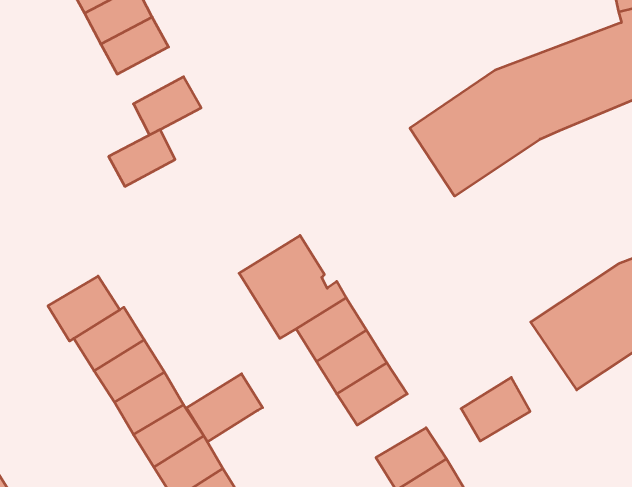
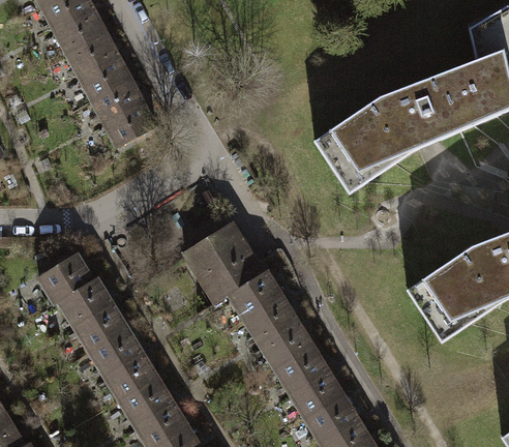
building: [109,130,175,186] -> [92,80,143,123]
building: [187,374,263,442] -> none
building: [461,377,530,441] -> [275,345,328,393]

